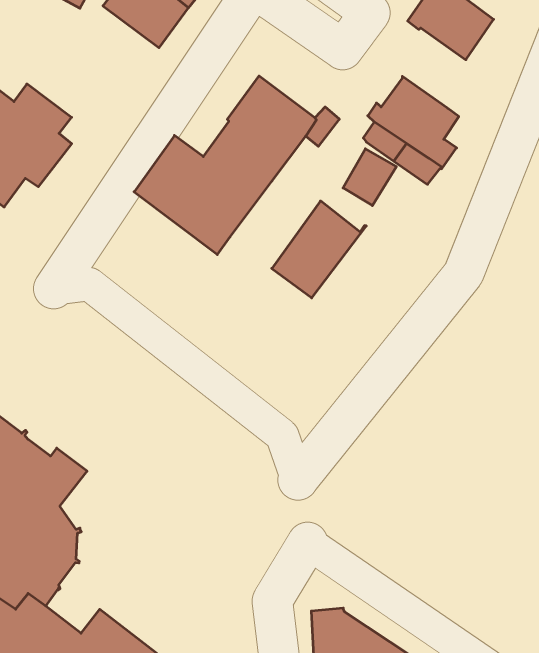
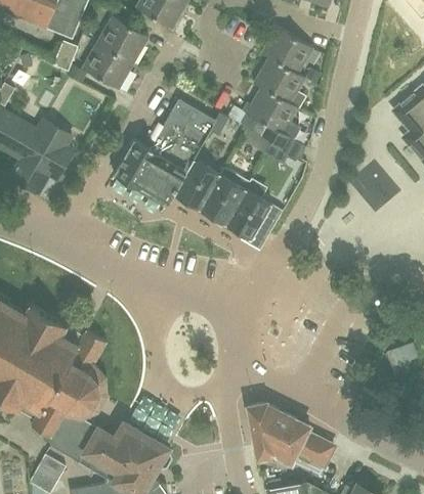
building: none -> [255,58,305,103]
building: none -> [173,159,220,210]
building: none -> [225,178,283,250]

